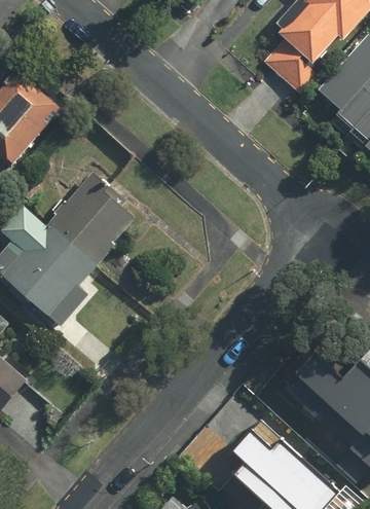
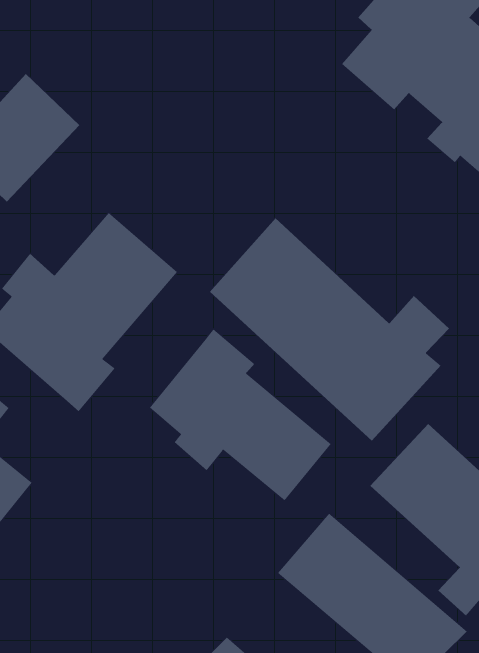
building: none -> [209,218,450,442]
building: none -> [149,329,332,501]

